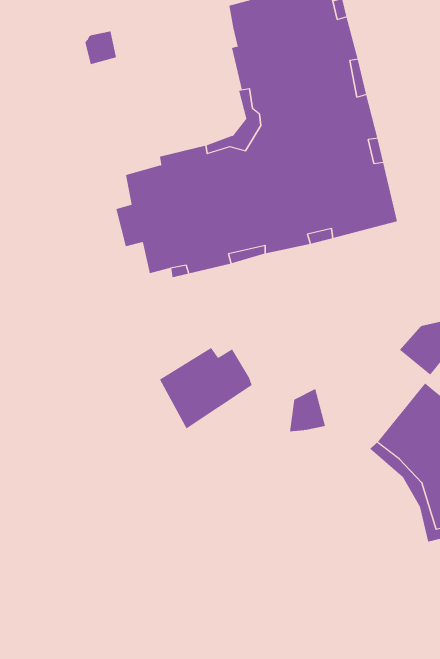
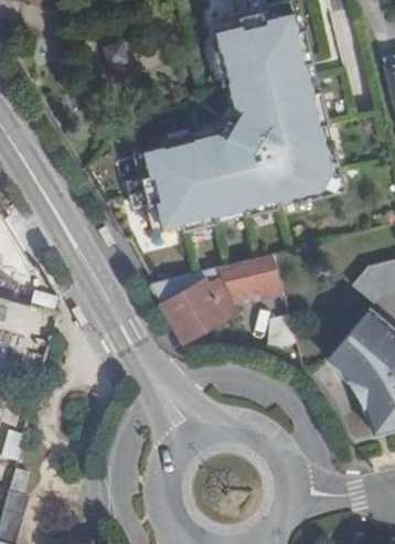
building: none -> [151,254,279,310]

